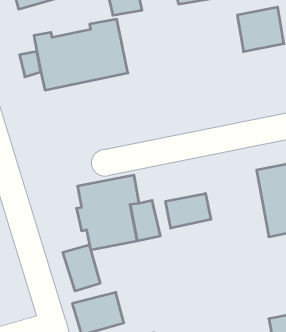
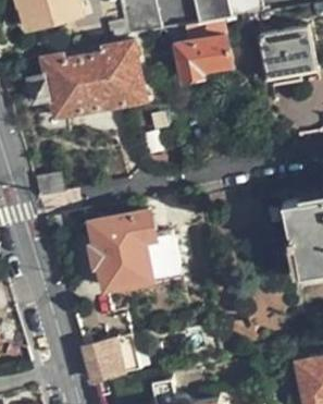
building: none -> [178,36,231,81]
building: [166,193,211,228] -> none
building: [63,245,100,291] -> none

